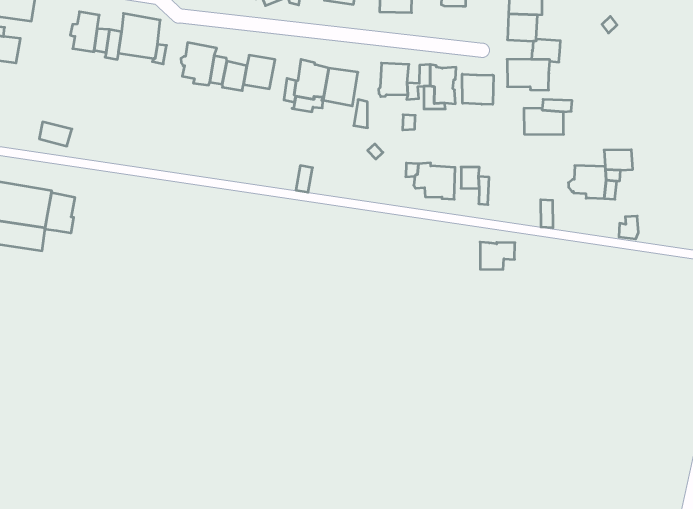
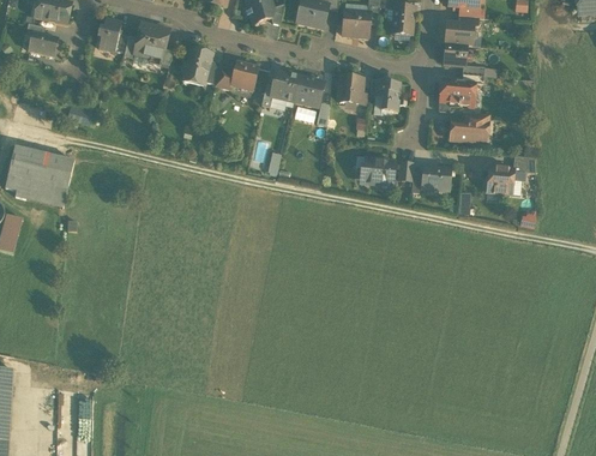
building: [462,74,493,104] -> none
building: [45,193,75,233] -> none
building: [480,242,515,269] -> [422,167,451,190]

